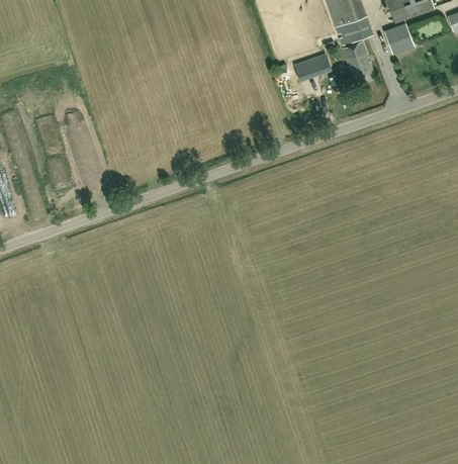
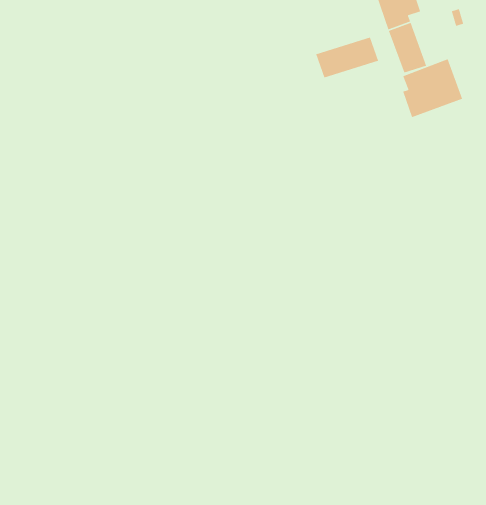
building: none -> [402,58,463,118]

